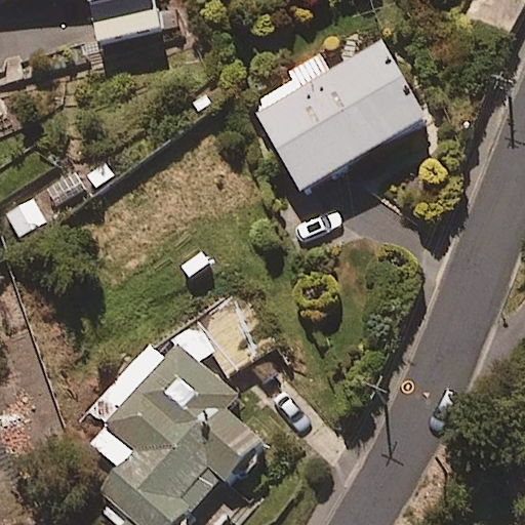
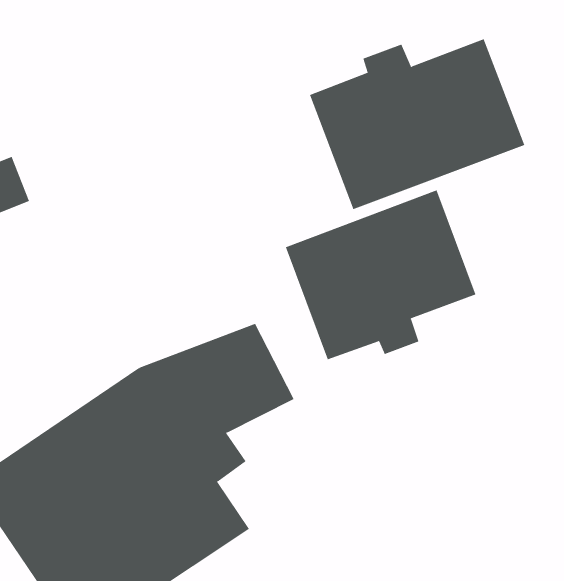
building: none -> [285,189,476,360]

